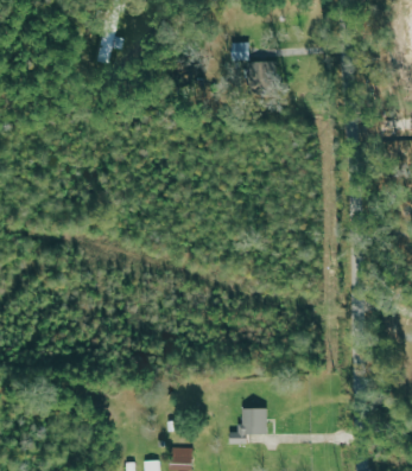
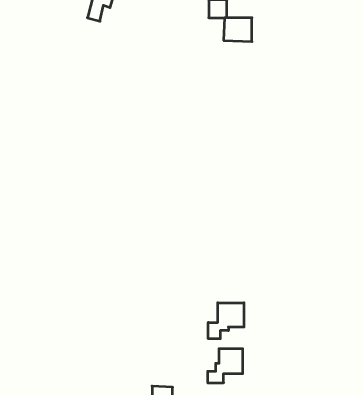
building: none -> [208,303,244,339]

